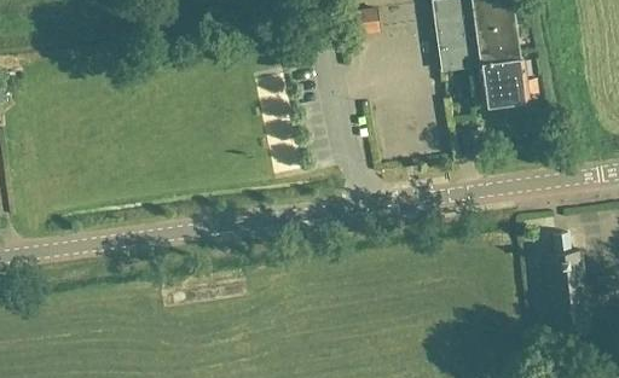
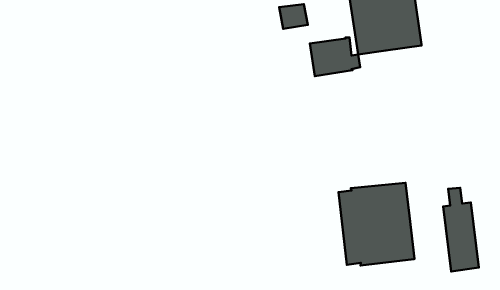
building: [476,58,538,105] -> [310,38,360,76]
building: none -> [338,183,415,265]

